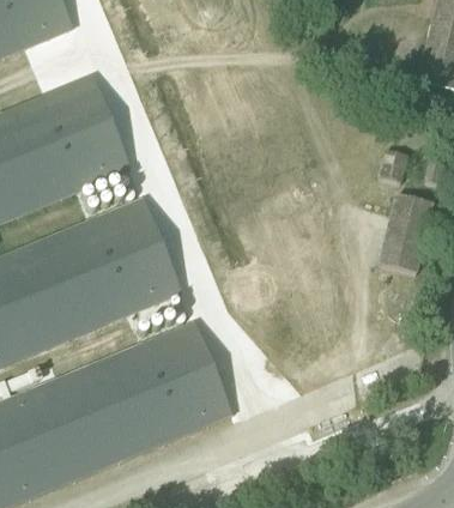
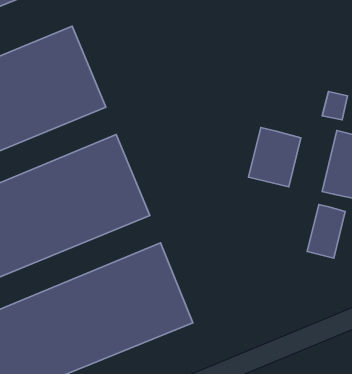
building: none -> [248,127,301,187]
building: none -> [307,204,345,258]

